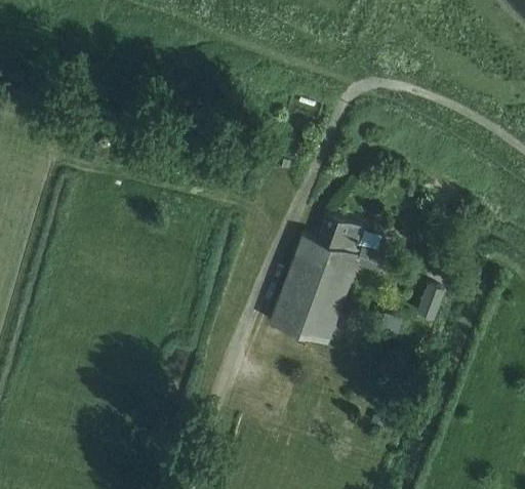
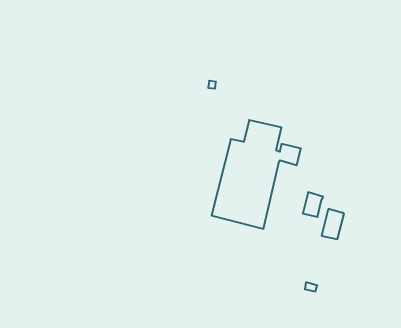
building: [416,285,446,322] -> [322,209,344,239]

